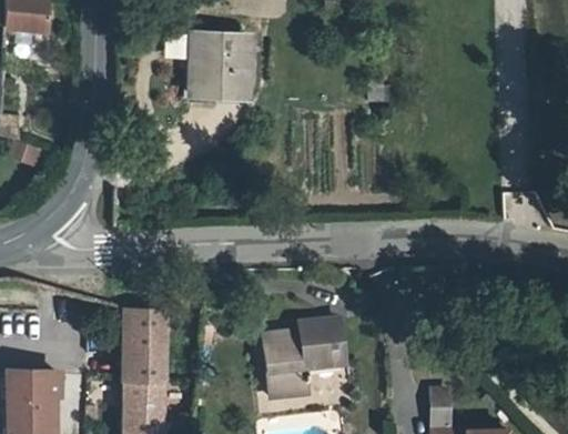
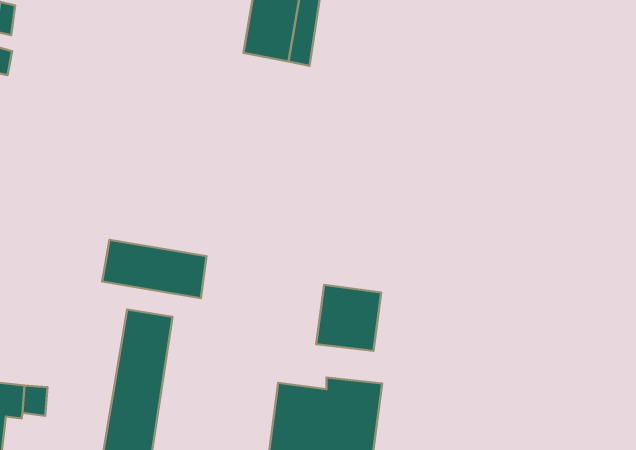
building: none -> [102,240,206,298]
building: none -> [316,285,381,351]

